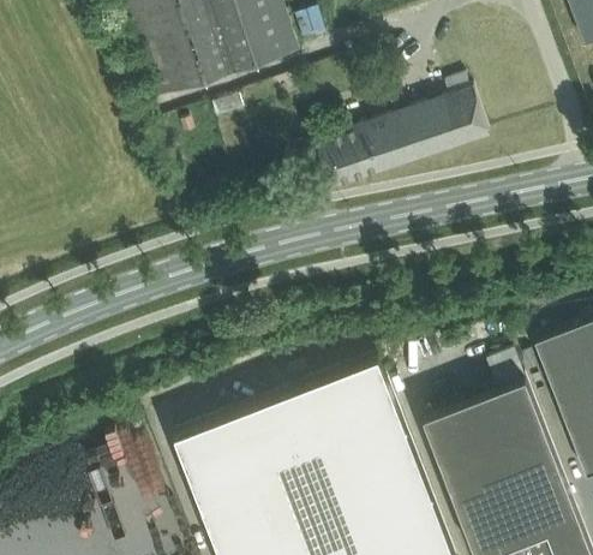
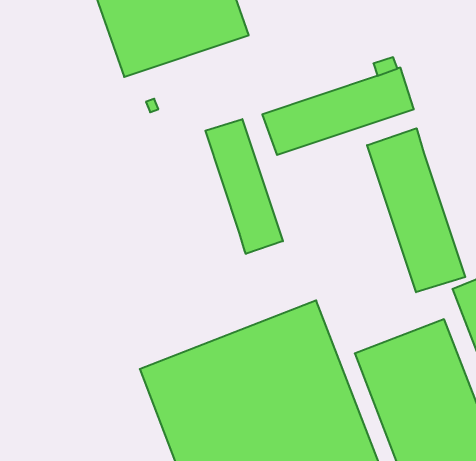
building: none -> [205,119,283,254]
building: none -> [367,128,465,292]

